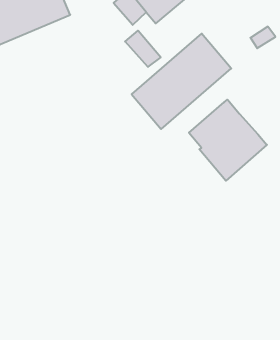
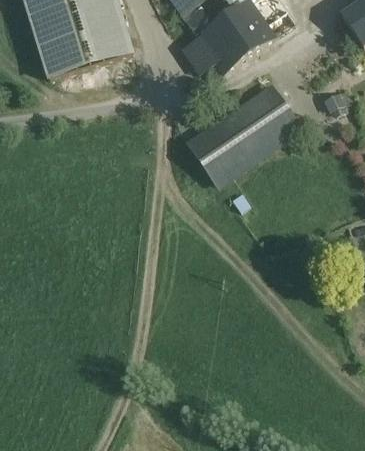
building: [125,31,161,67] -> none
building: [189,100,267,181] -> none

